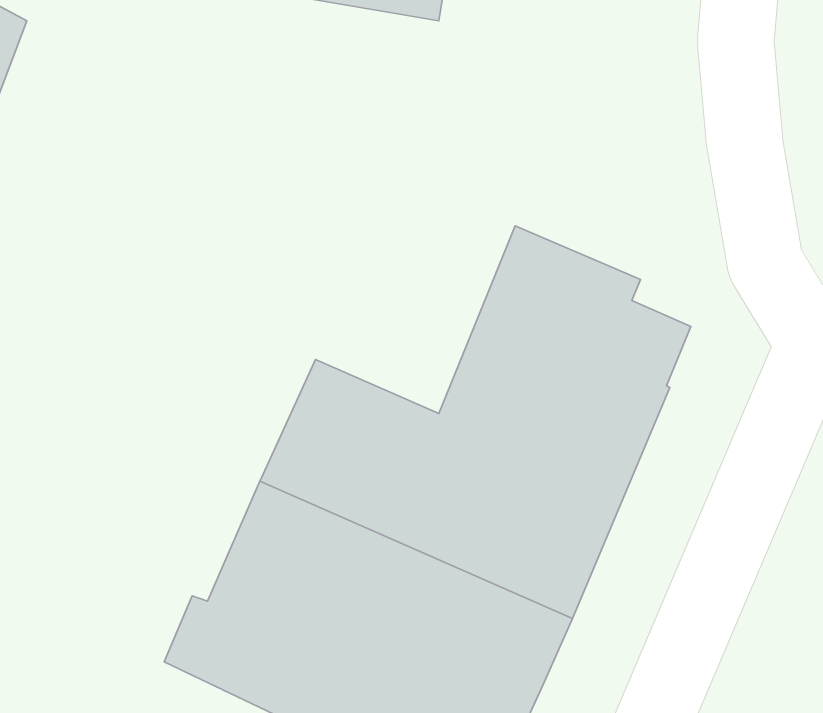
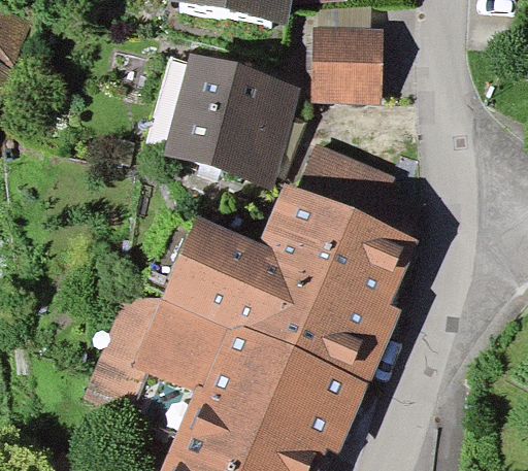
building: none -> [321,44,386,97]
building: none -> [150,66,275,174]

